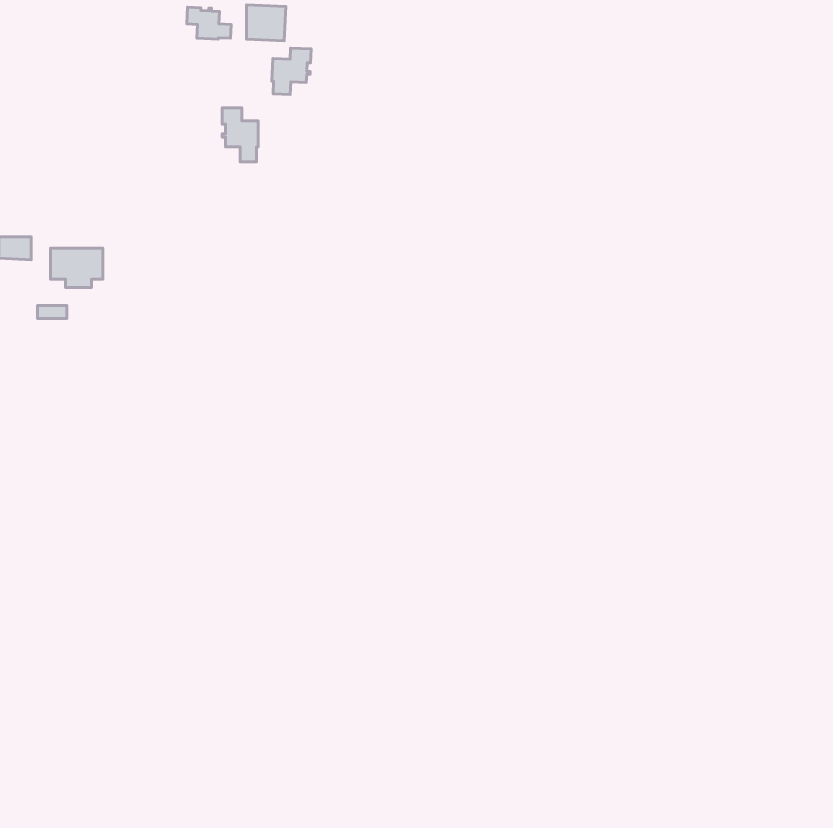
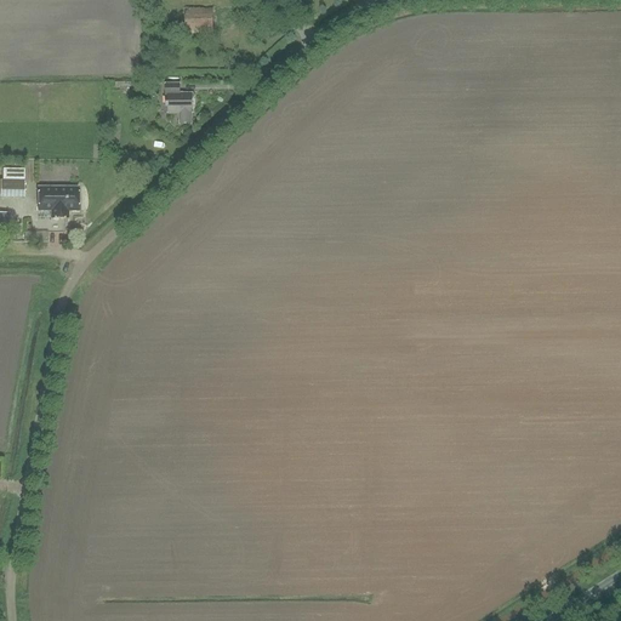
building: [187,7,231,39] -> none
building: [272,48,311,95] -> none

